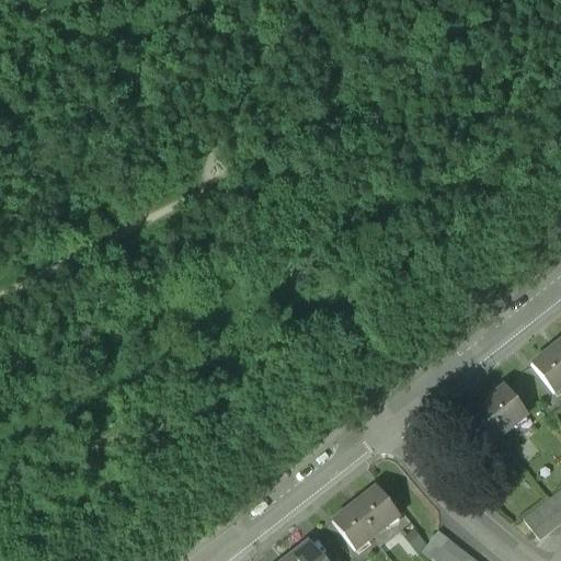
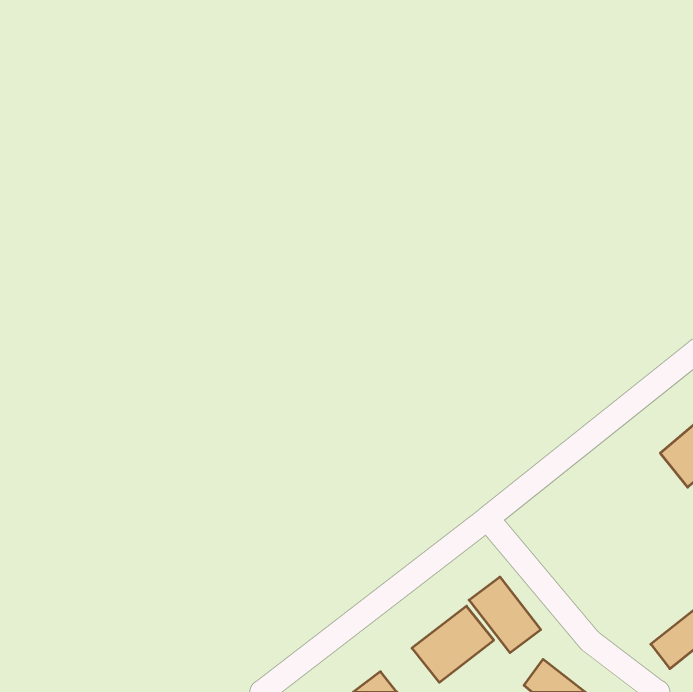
building: [463,385,528,447] -> none
building: none -> [469,577,541,653]

